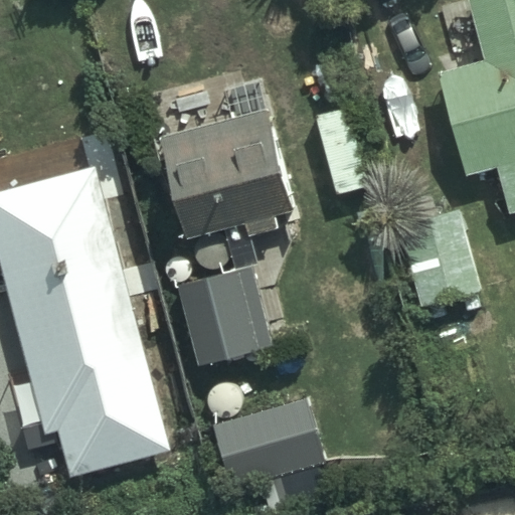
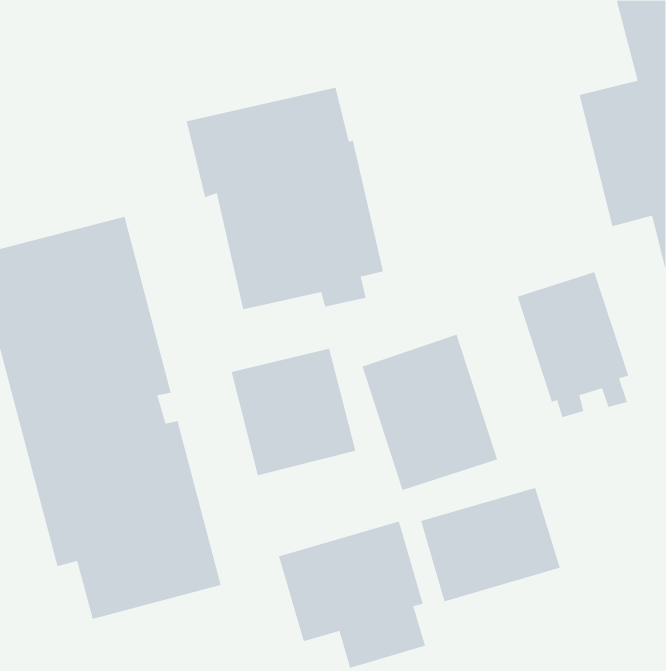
building: none -> [362,334,498,491]
building: none -> [420,487,561,602]

